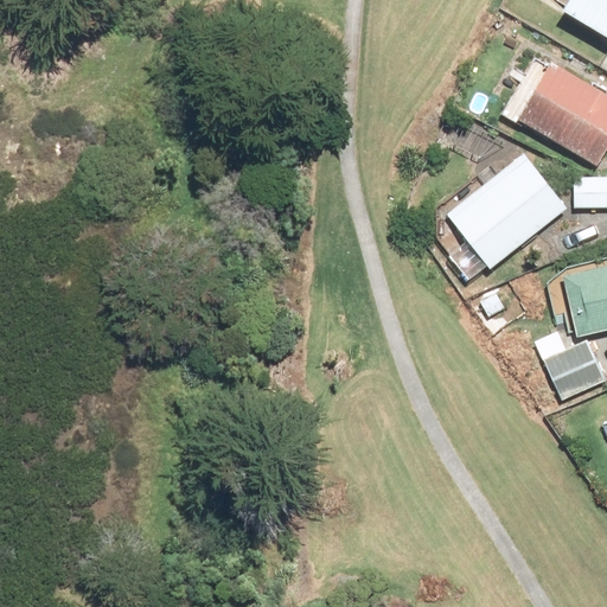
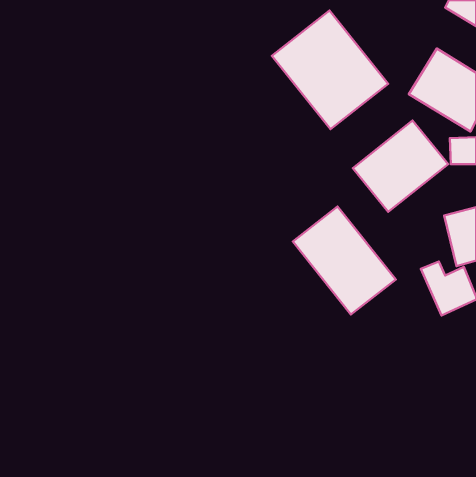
building: none -> [272,10,388,129]
building: none -> [293,206,396,315]

